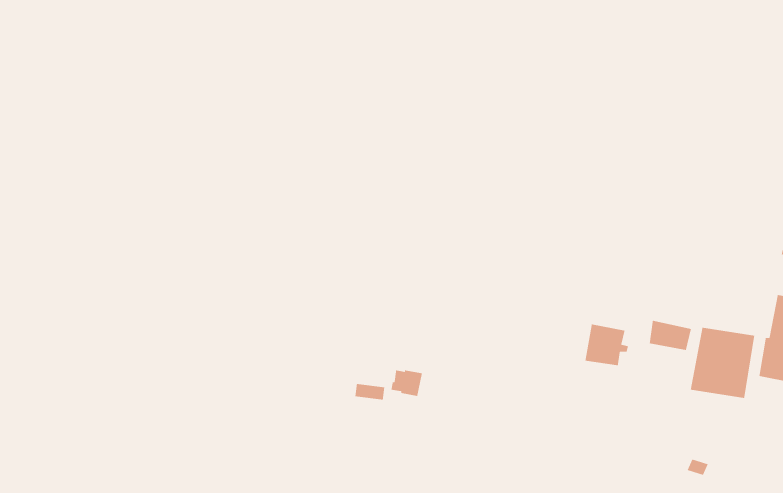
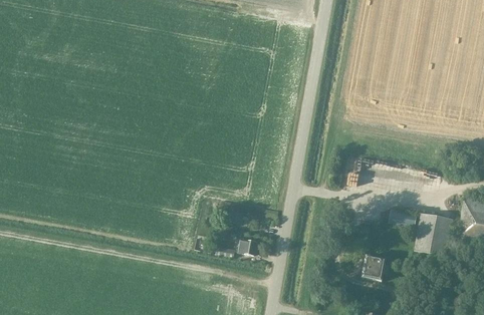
building: [584,323,629,366] -> [364,256,390,281]

